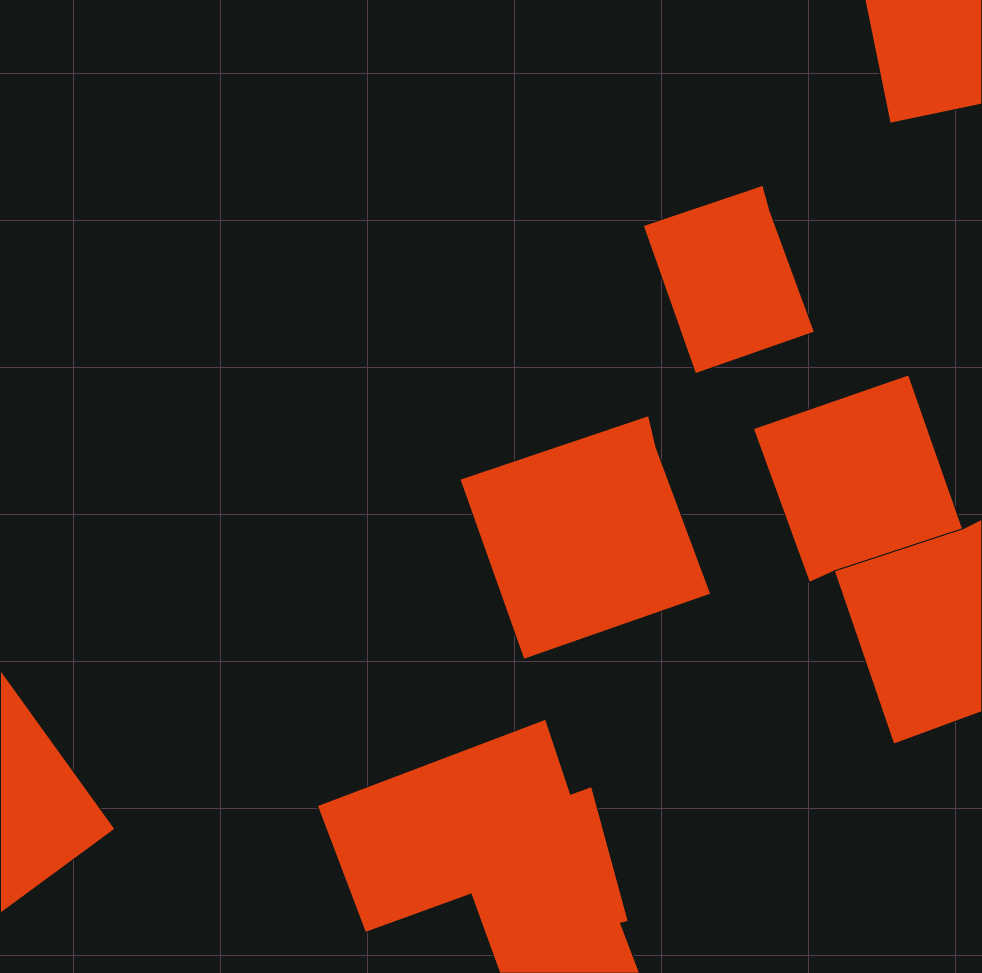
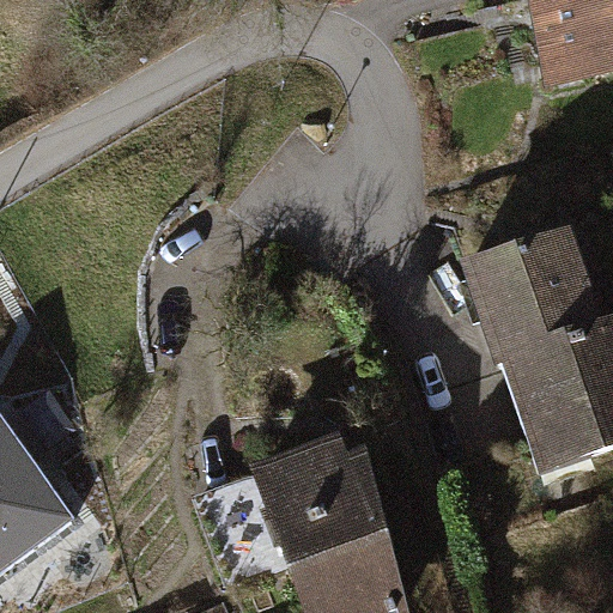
building: [643,185,814,374] -> none
building: [460,415,711,660] -> none

